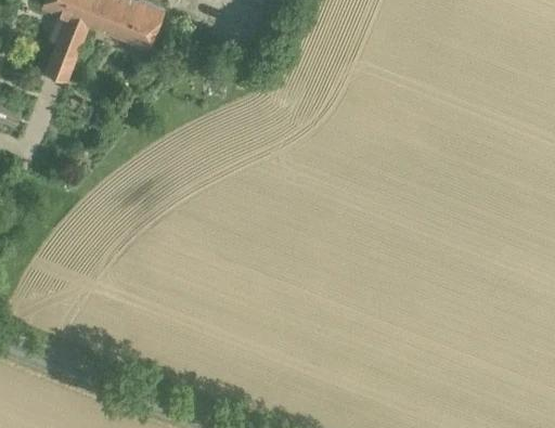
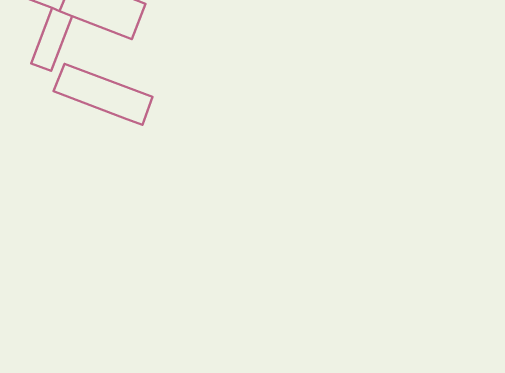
building: none -> [54,64,152,125]

